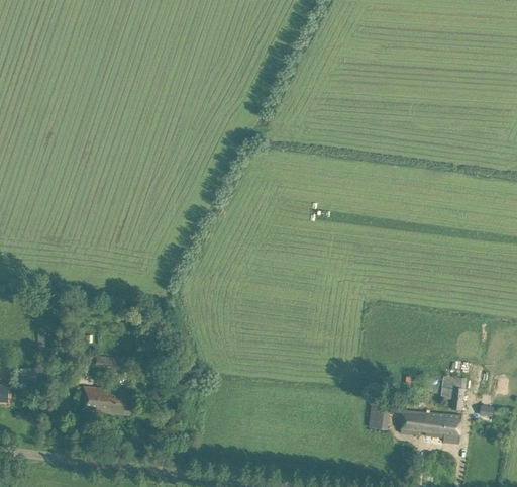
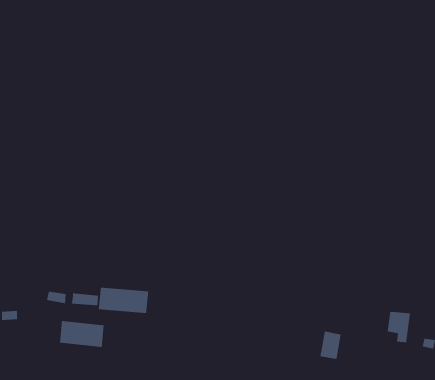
building: none -> [98,287,149,314]
building: [399,410,459,444] -> none

